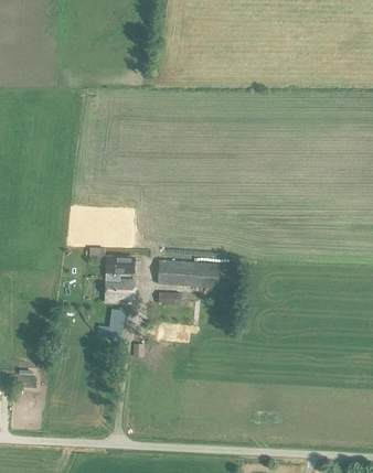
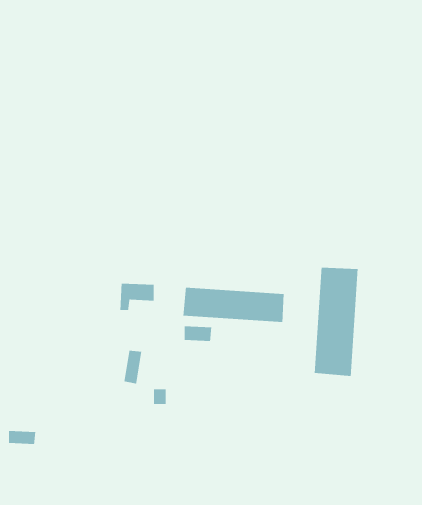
building: none -> [314,267,359,377]
building: [104,279,134,302] -> none

